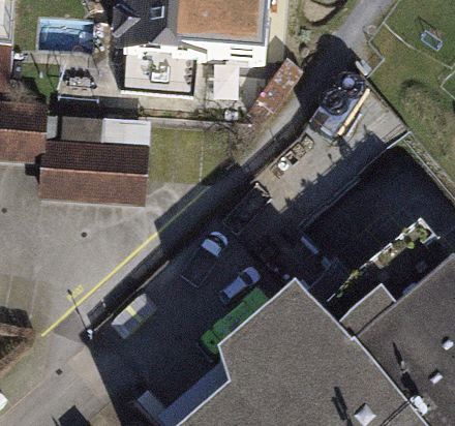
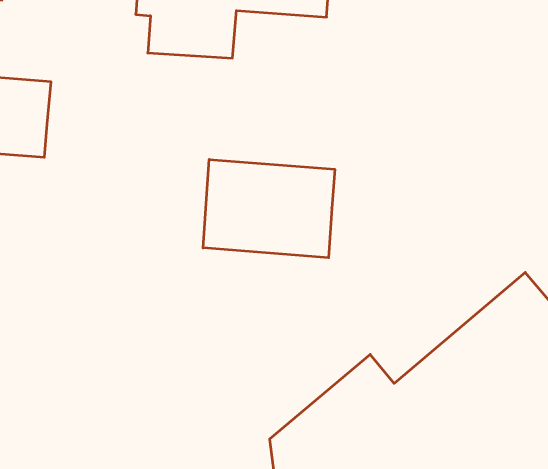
building: [40,134,149,208] -> none
building: none -> [203,159,335,258]

